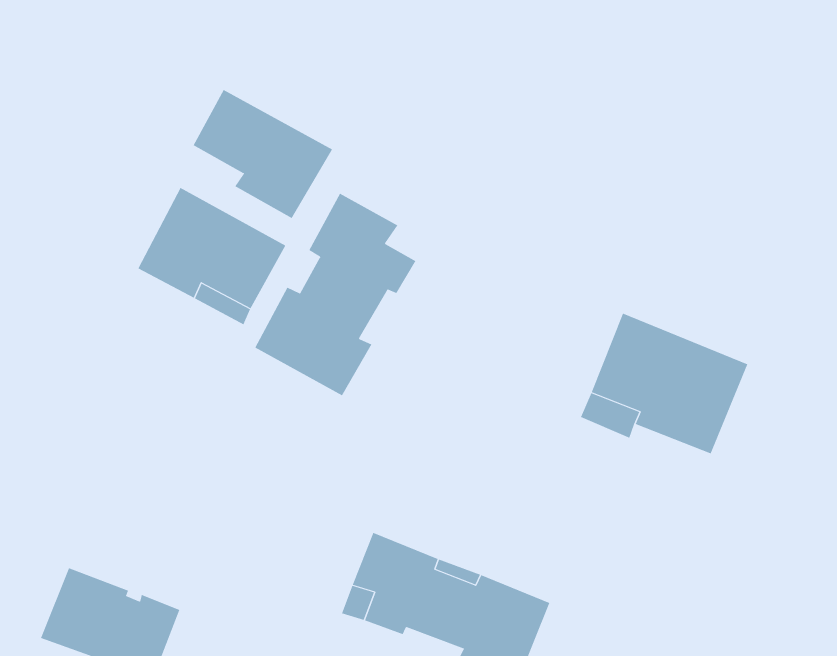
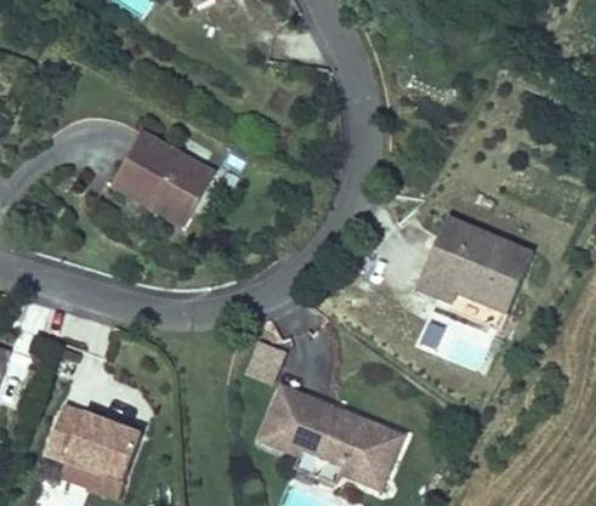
building: [193,89,333,219] -> none
building: [254,193,416,396] -> none

